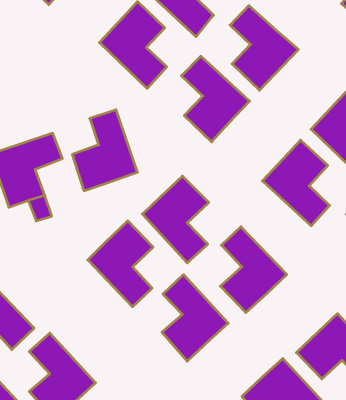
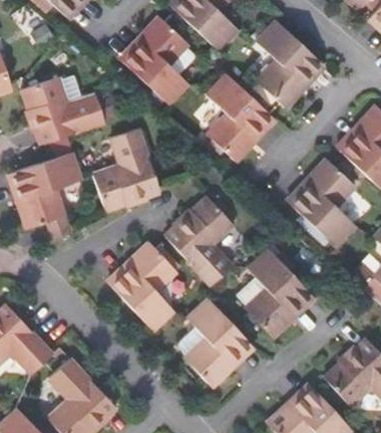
building: none -> [22,76,104,144]

